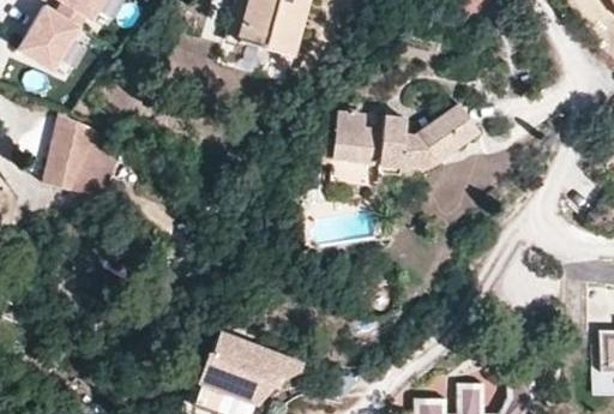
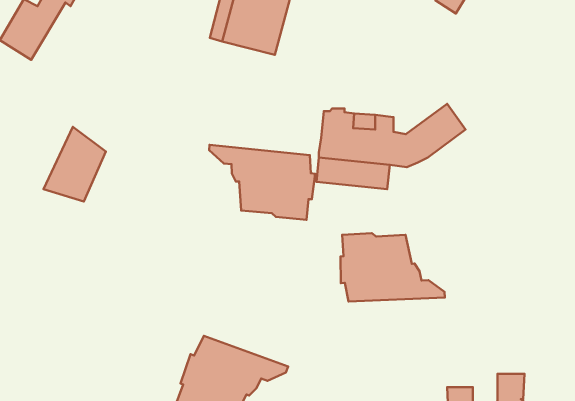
building: [44,114,94,188] -> none
building: none -> [209,145,315,220]
building: none -> [340,233,445,301]

